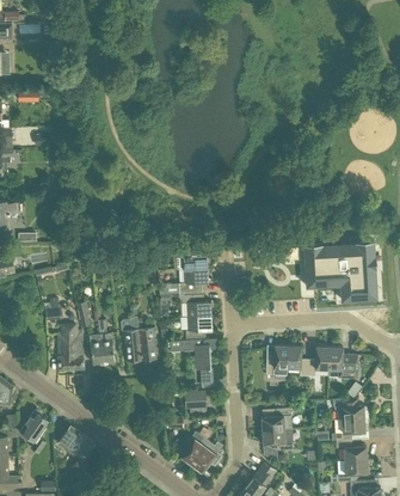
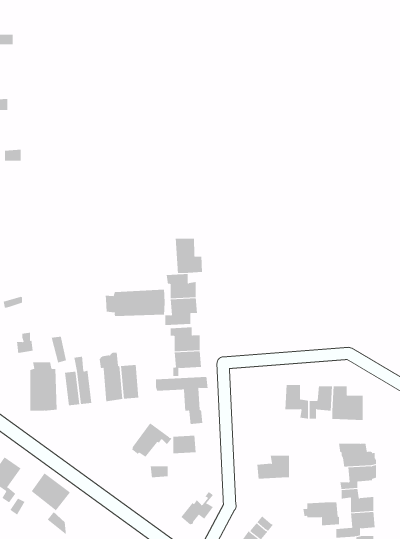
building: none -> [175,238,203,274]
building: [303,241,377,300] -> none
building: none -> [105,289,165,317]
building: [265,345,287,375] -> none
building: [258,429,291,451] -> [303,502,340,526]
building: [179,433,216,464] -> [131,423,172,457]

